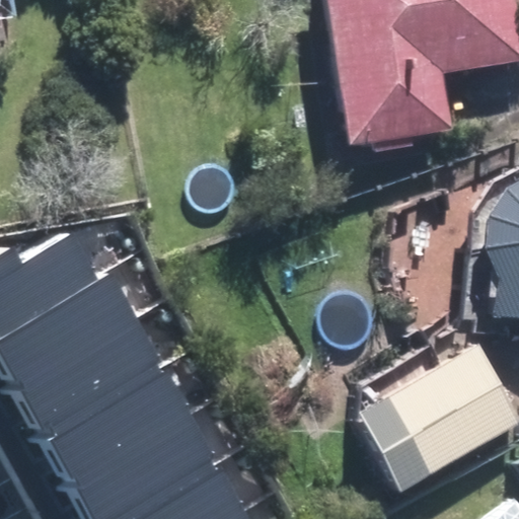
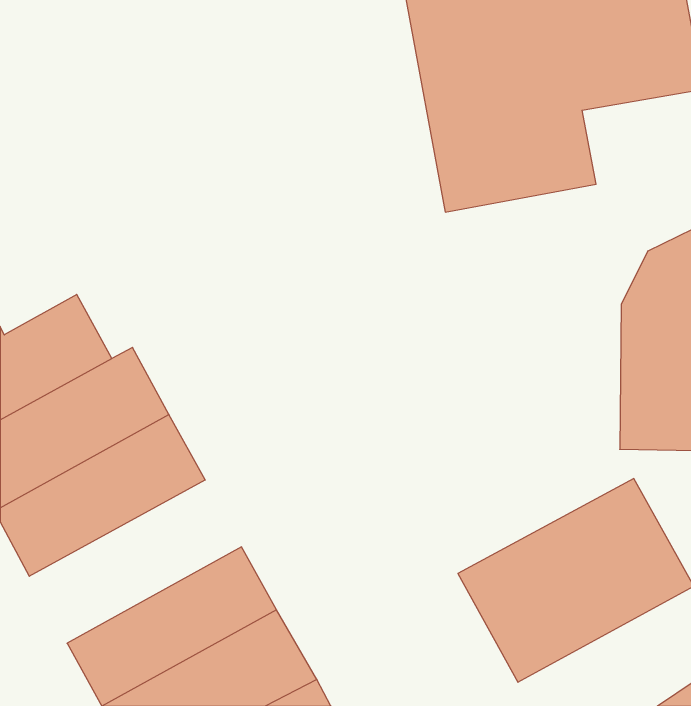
building: [38,349,192,467] -> none

